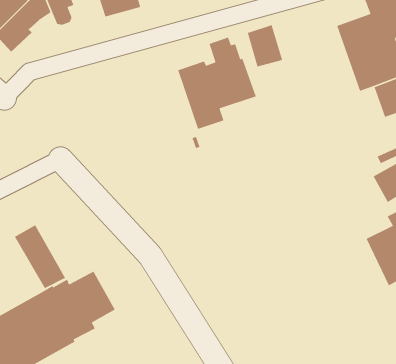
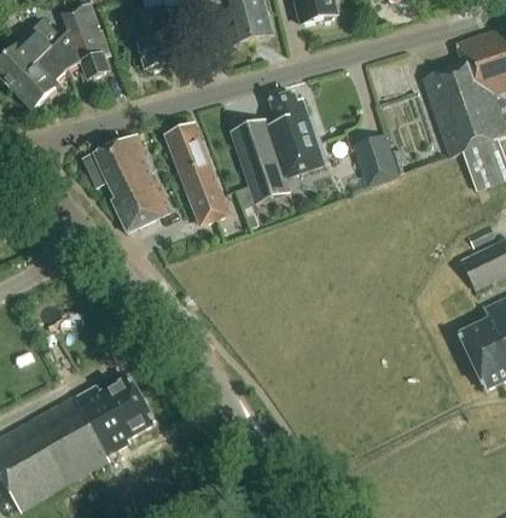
building: [247,24,283,67] -> [357,134,401,186]
building: none -> [164,124,229,227]
building: none -> [92,133,171,232]
building: [14,224,66,289] -> none

